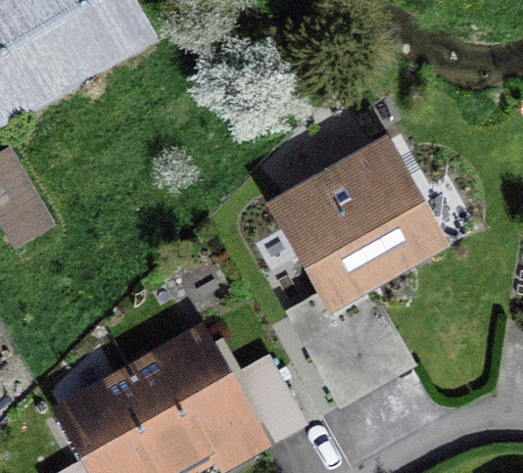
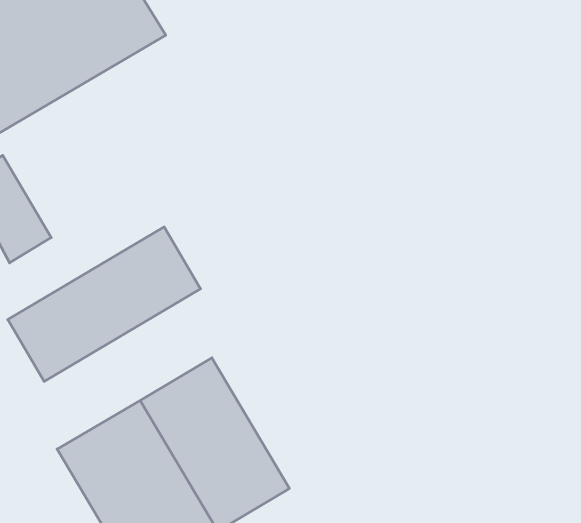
building: [271,141,438,311] -> none
building: none -> [8,227,201,381]

